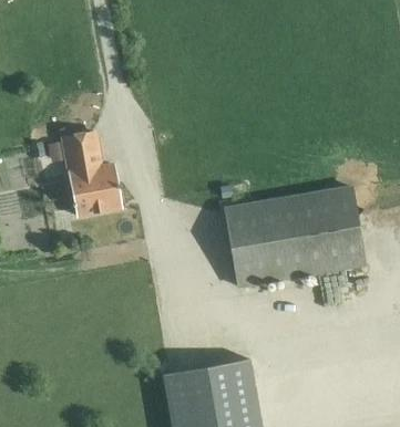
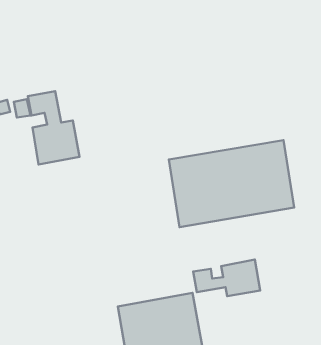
building: none -> [193,259,260,296]

